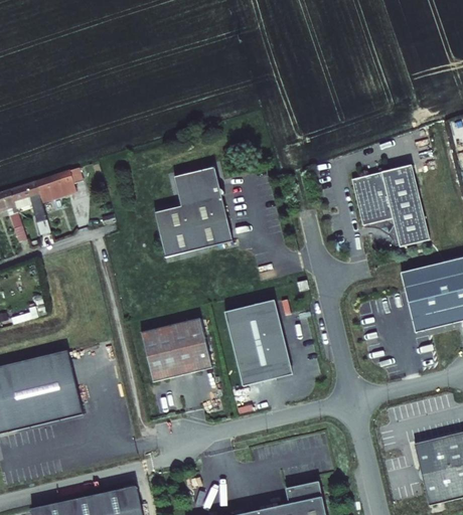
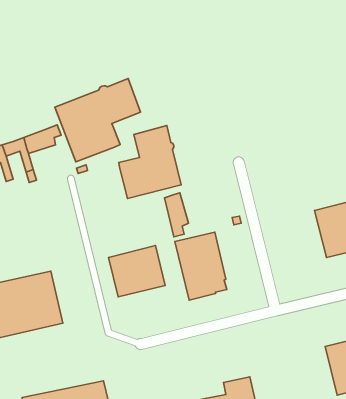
building: none -> [55,79,140,162]
building: [351,165,429,246] -> none
building: none -> [164,193,189,237]

